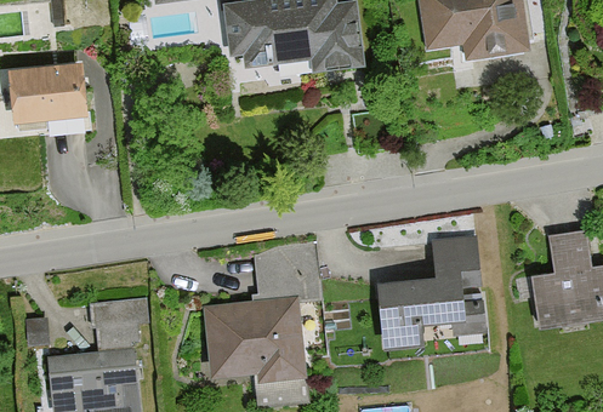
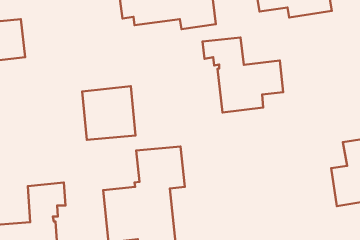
building: none -> [202,38,283,113]
building: none -> [82,86,136,140]
building: [380,235,487,350] -> none

